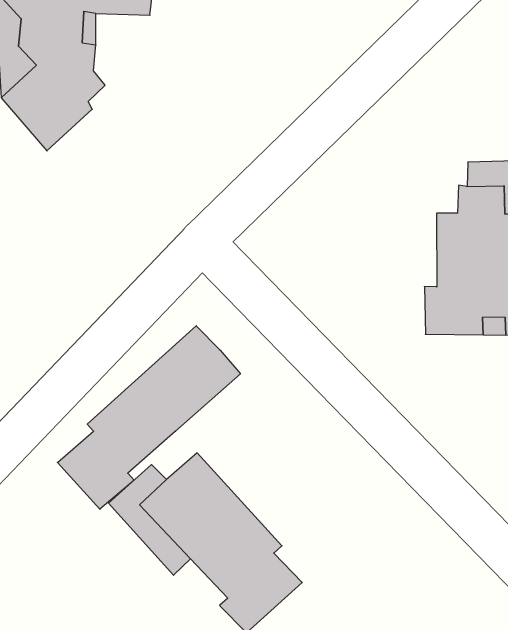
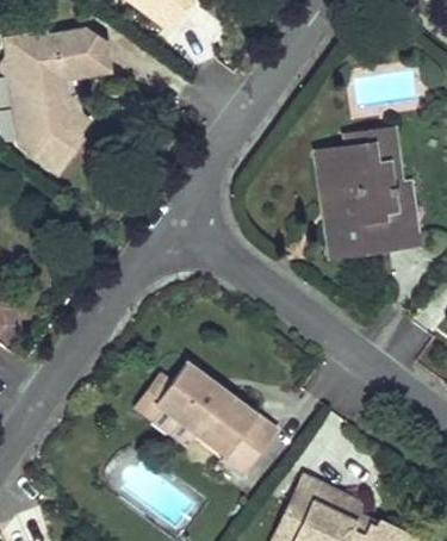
building: [57,326,240,509] -> none

